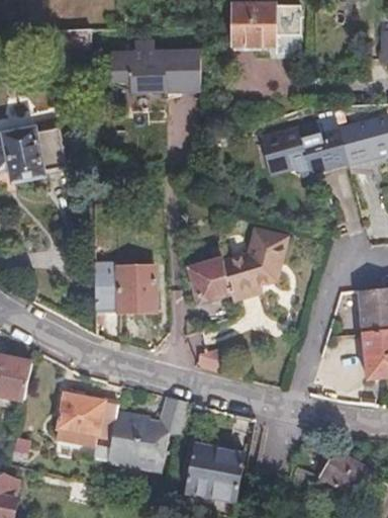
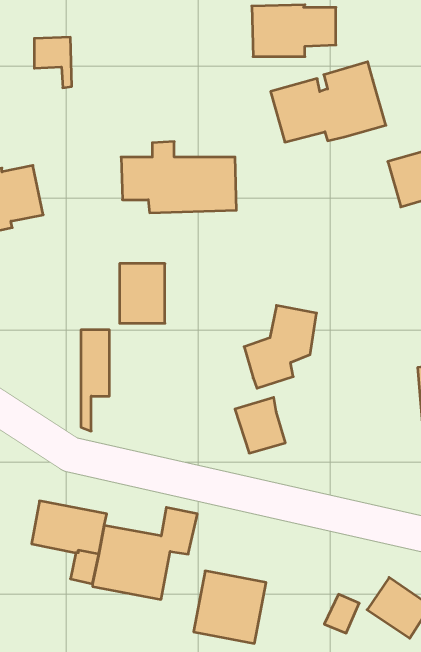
building: [110,38,200,94] -> [121,142,236,213]
building: [257,112,347,175] -> [271,62,386,142]
building: [192,260,231,304] -> [235,397,285,453]
building: [119,263,155,310] -> [120,264,165,323]

